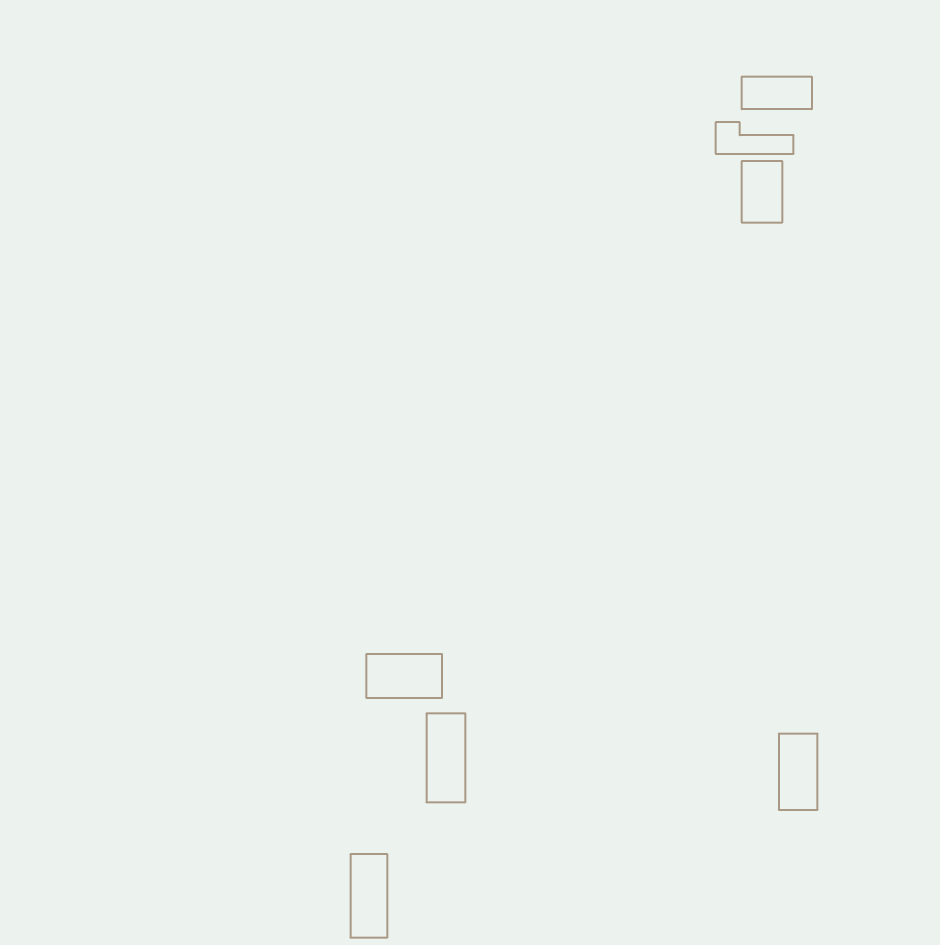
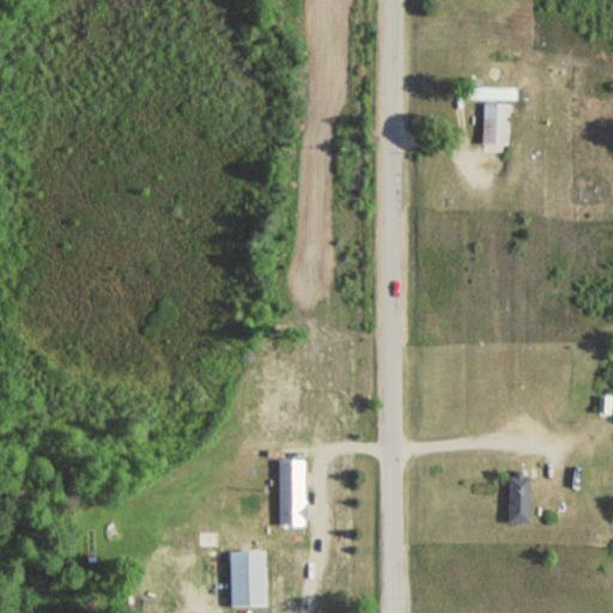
building: [742,77,812,109] -> none
building: [366,654,442,698] -> none

